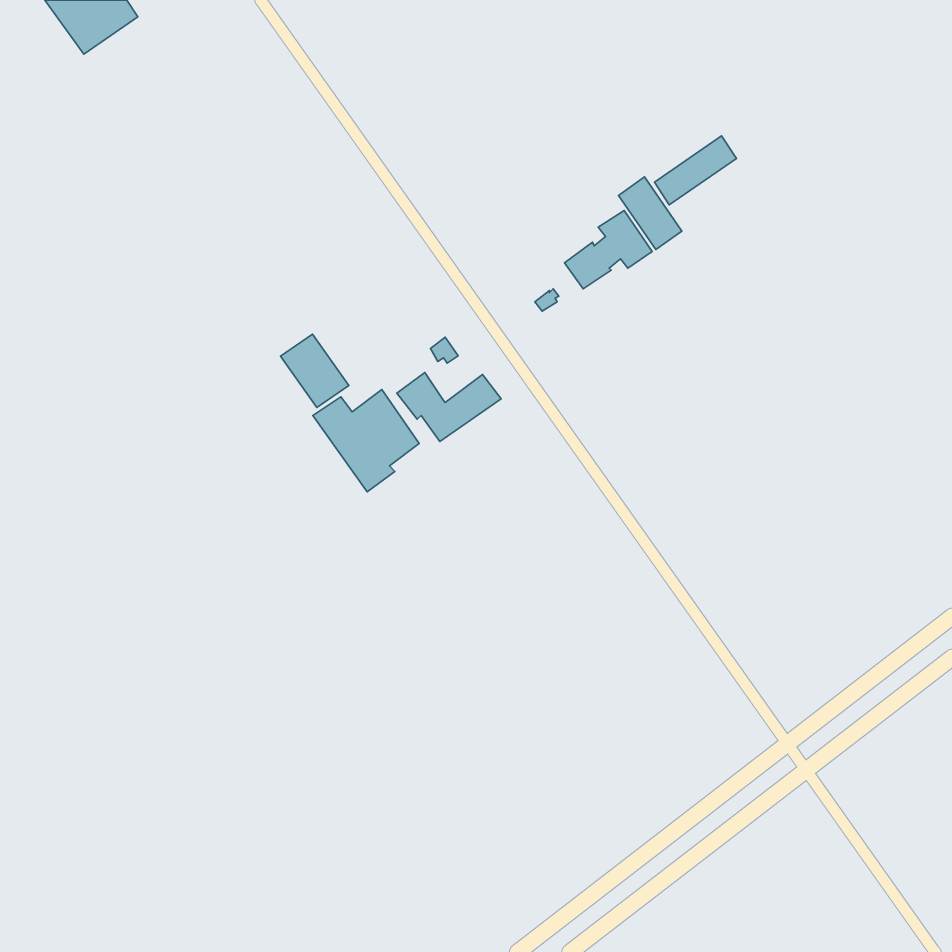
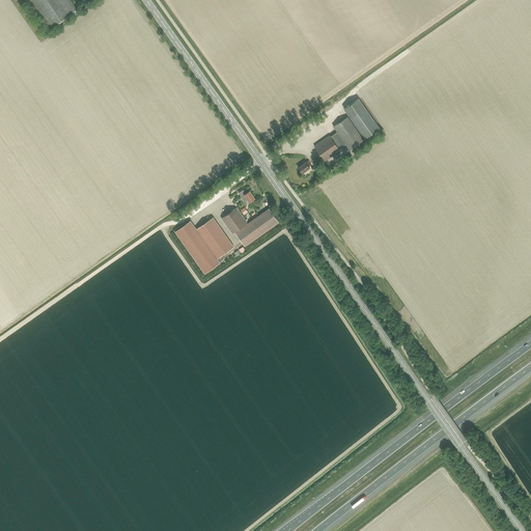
building: [654,136,736,205] -> none
building: [281,334,349,408] -> none

